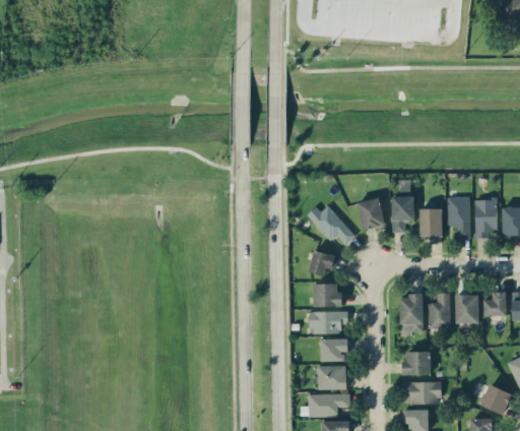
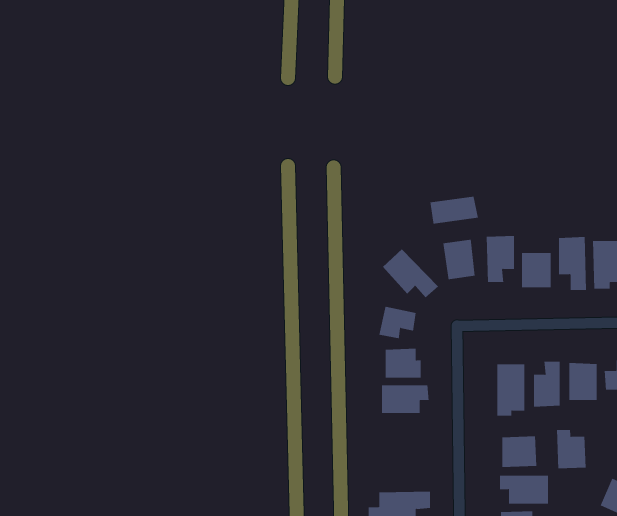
building: none -> [430,196,479,224]
building: [321,338,348,361] -> none
building: none -> [556,429,586,469]
building: [317,366,347,389] -> none

